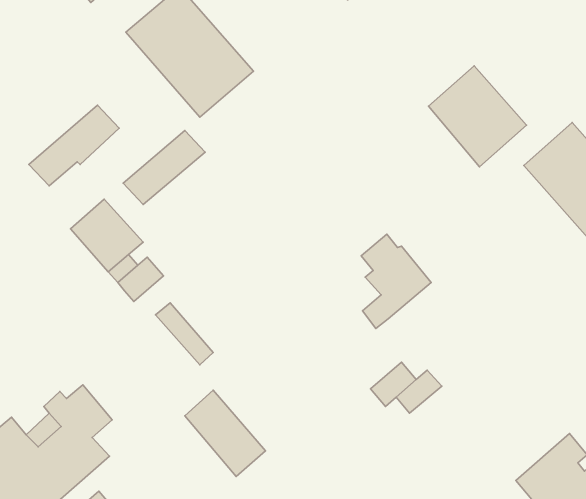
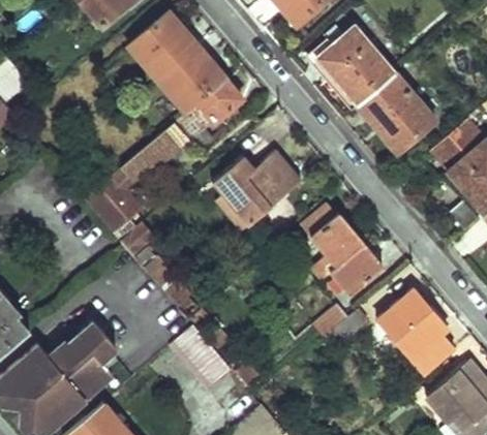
building: none -> [318,30,394,106]
building: [29,105,119,186] -> [172,80,241,142]
building: none -> [209,152,300,234]
building: none -> [328,242,384,296]
building: none -> [379,288,446,369]

